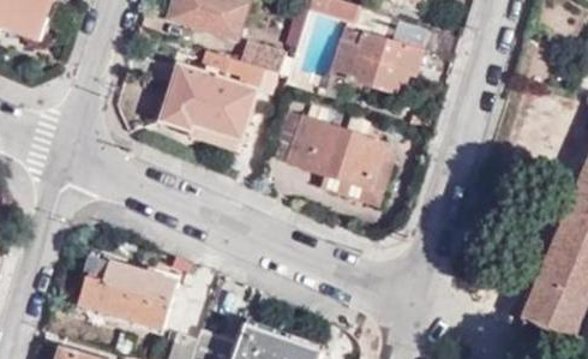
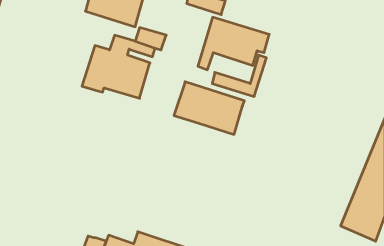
building: [320,150,396,208] -> [212,55,266,96]
building: [77,252,178,329] -> none

